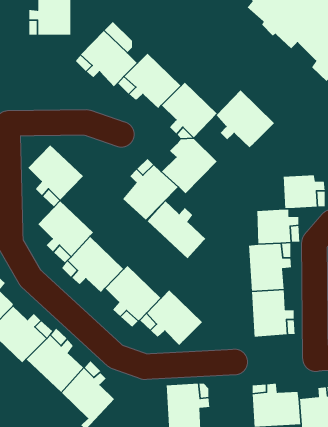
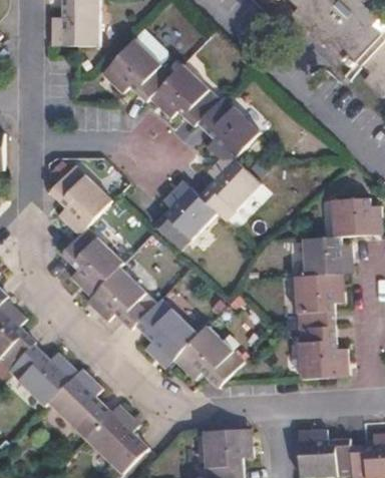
building: [216,90,275,148] -> none
building: [147,200,206,259] -> none

